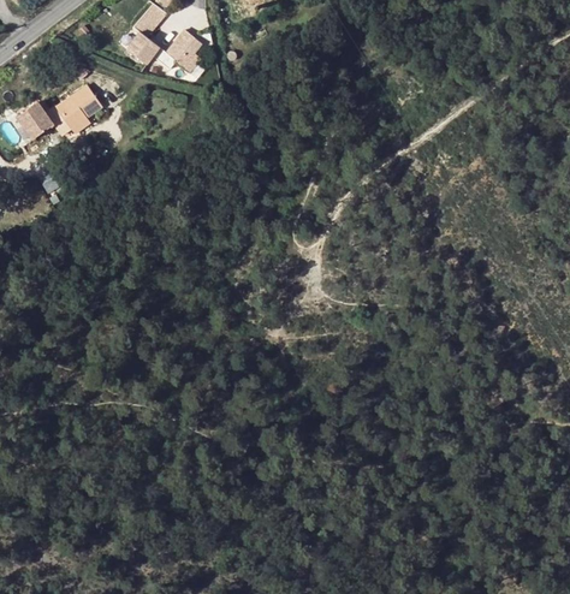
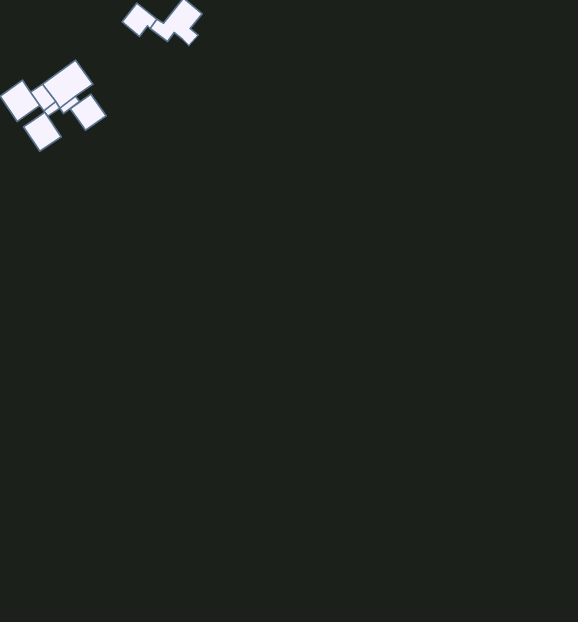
building: none -> [70,94,106,130]
building: none -> [23,112,61,151]

